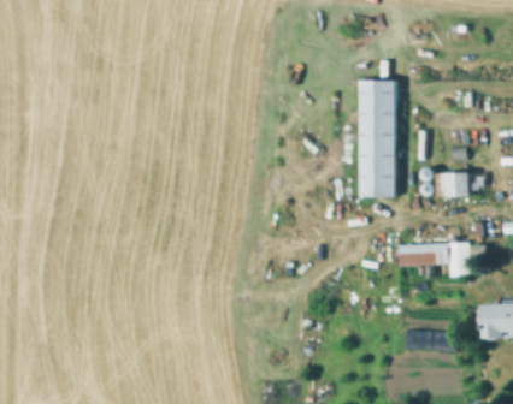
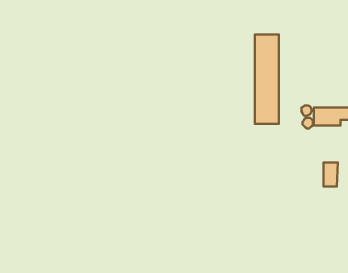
building: [400,245,447,265] -> none

